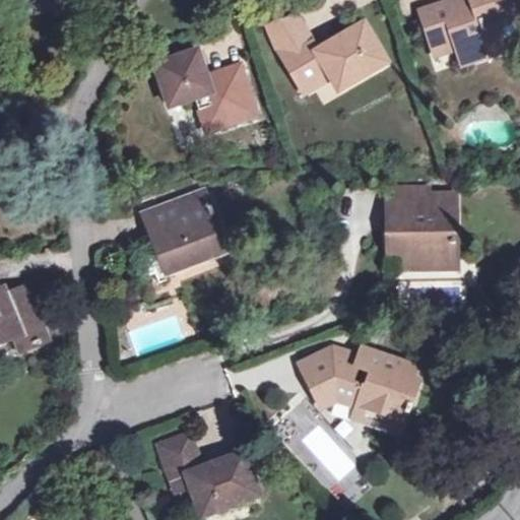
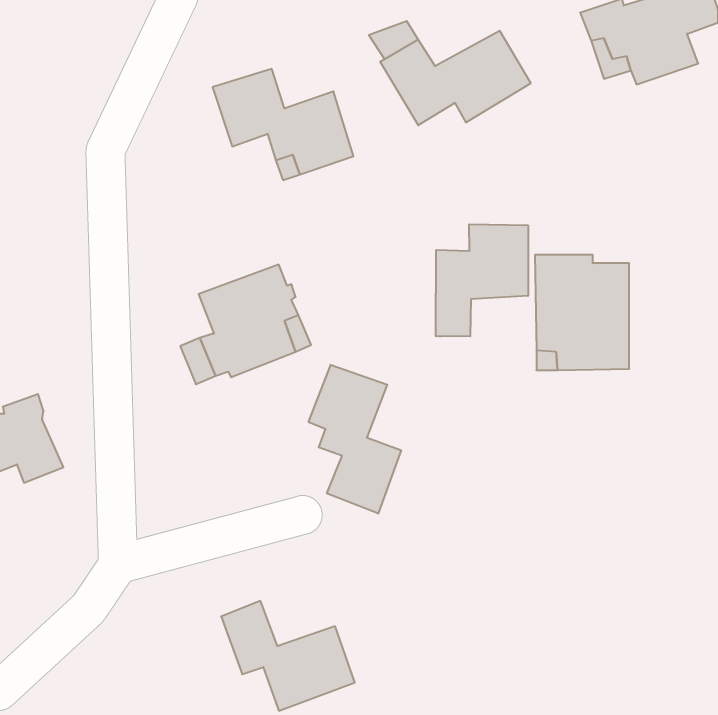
building: none -> [436,224,528,337]
building: none -> [309,365,401,514]
building: [300,345,414,424] -> none

